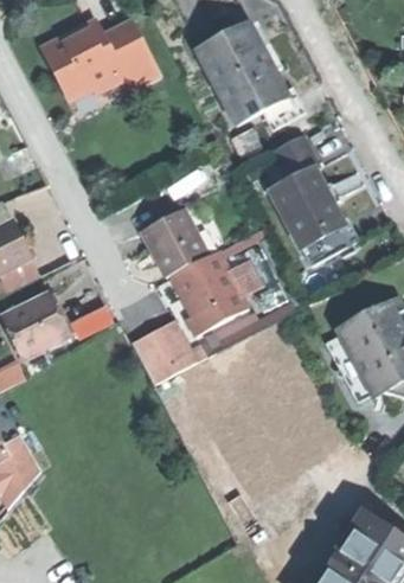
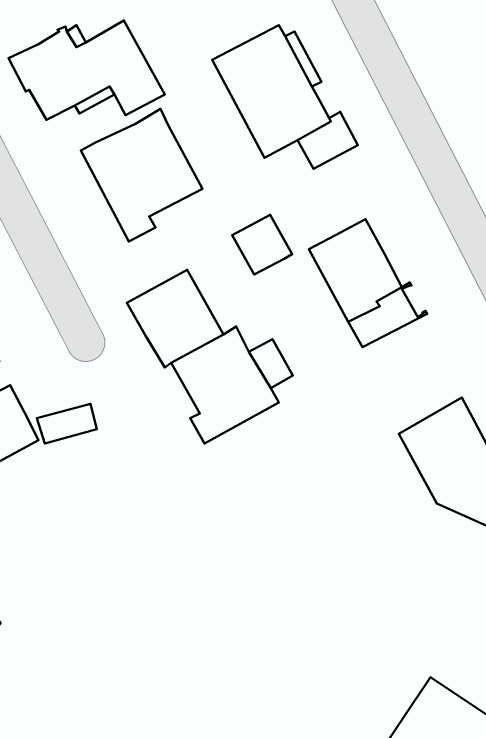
building: none -> [81,109,202,242]
building: [274,134,319,179] -> [232,215,292,275]
building: [129,318,193,382] -> none

